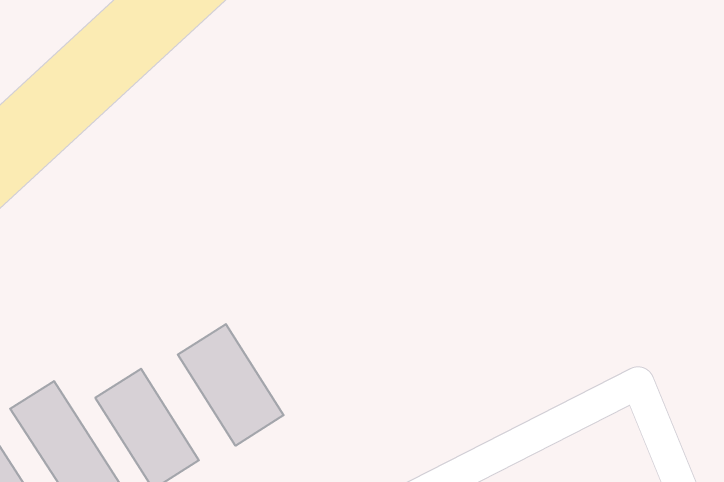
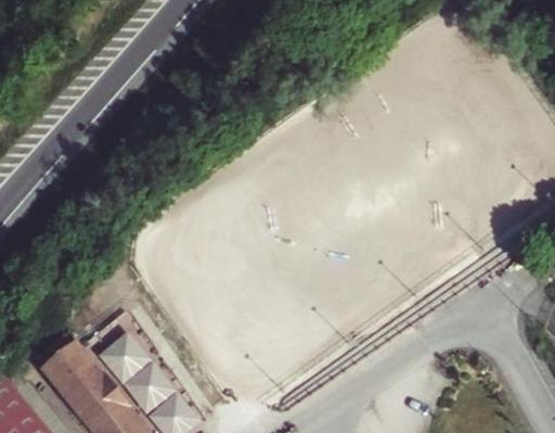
building: [178,324,284,446] -> none

